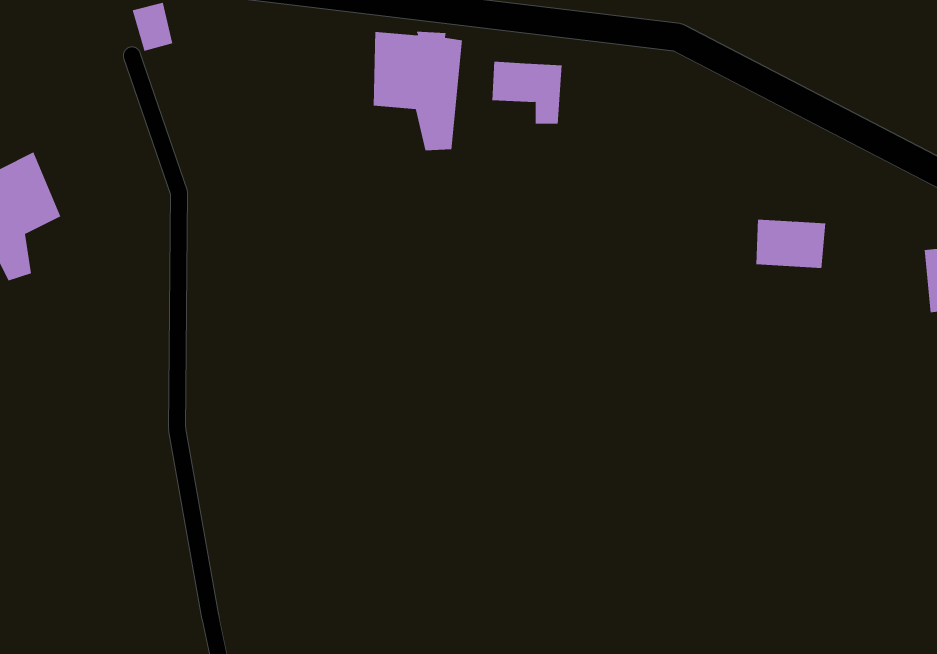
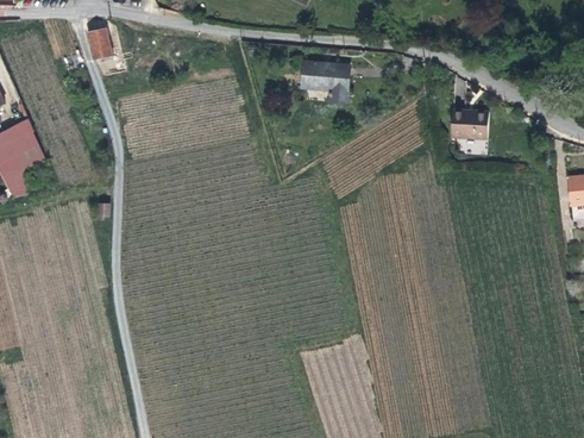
building: [373,31,463,151] -> none
building: [755,219,826,268] -> [452,108,495,138]

